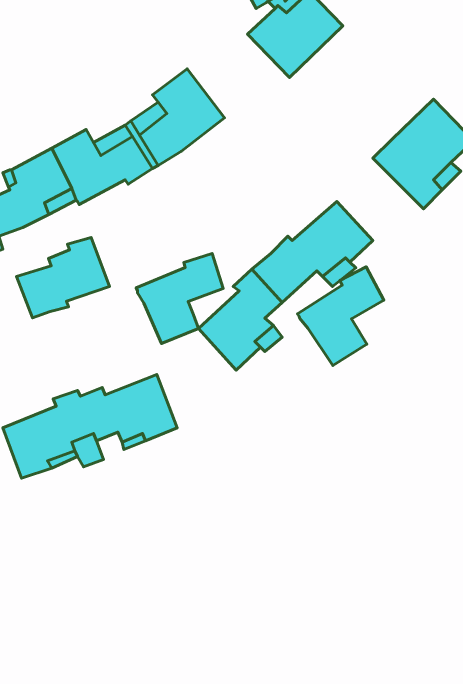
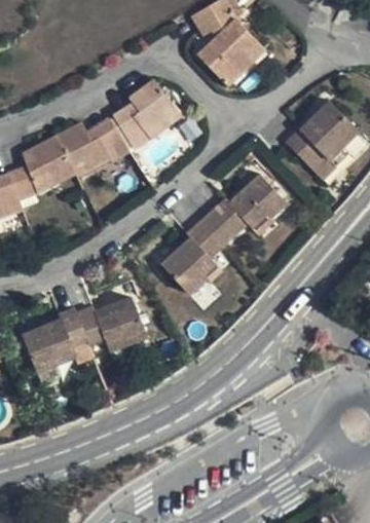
building: [17,237,109,318] -> none
building: [136,253,223,344] -> none
building: [297,267,384,365] -> none

